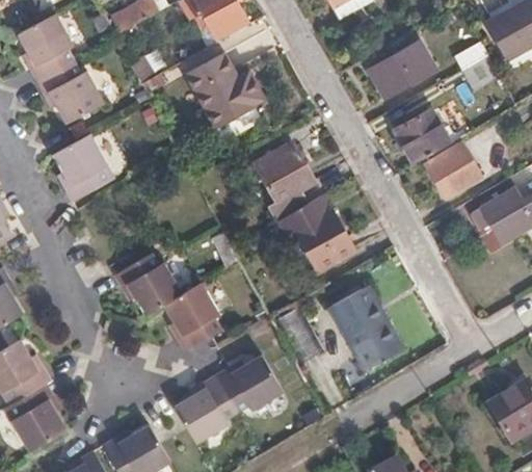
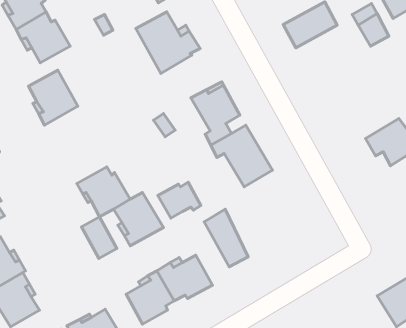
building: [397,110,453,164] -> none
building: [428,147,481,198] -> none
building: none -> [158,182,201,218]
building: [329,288,403,371] -> none
building: none -> [82,217,117,258]

